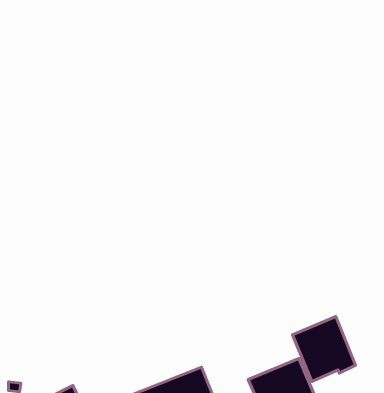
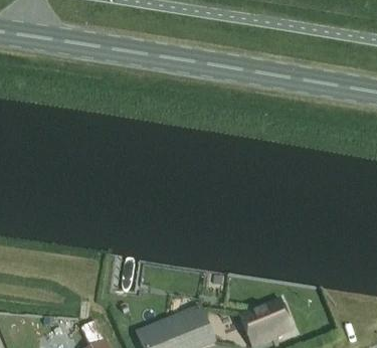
building: [292,316,355,382] -> none

